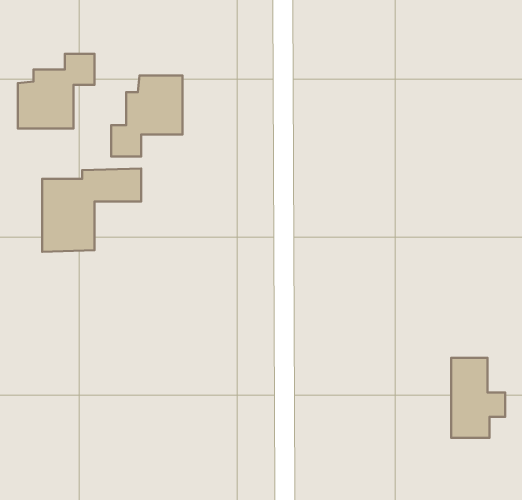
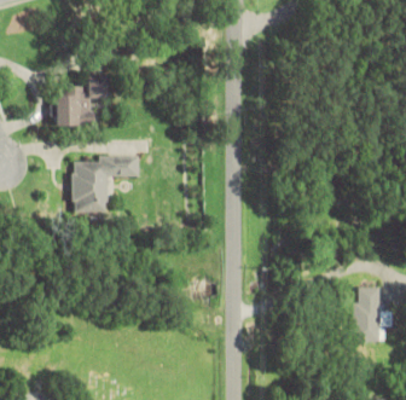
building: [111,76,183,157] -> none

